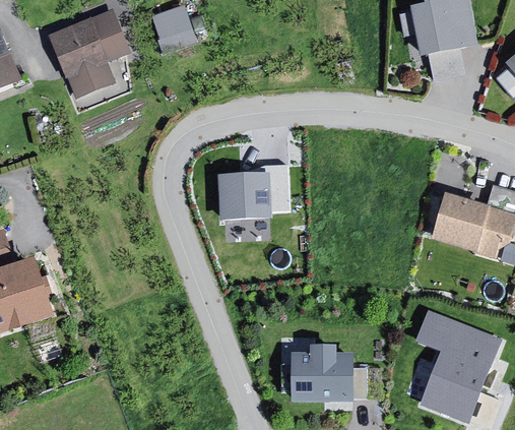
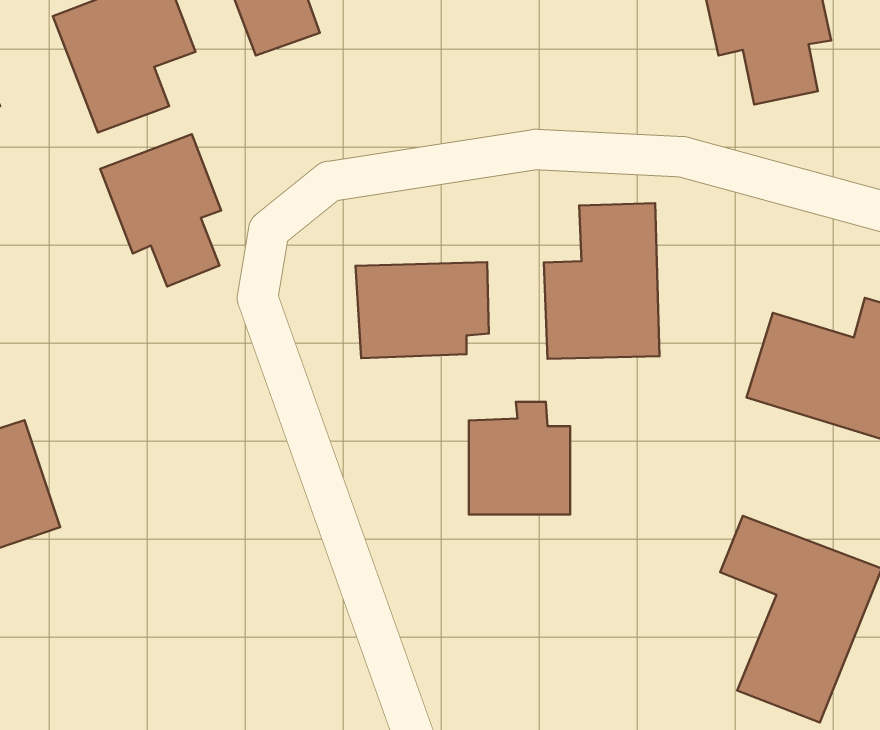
building: none -> [100,134,221,286]
building: none -> [544,203,659,359]
building: [289,343,344,404] -> [469,402,570,514]

